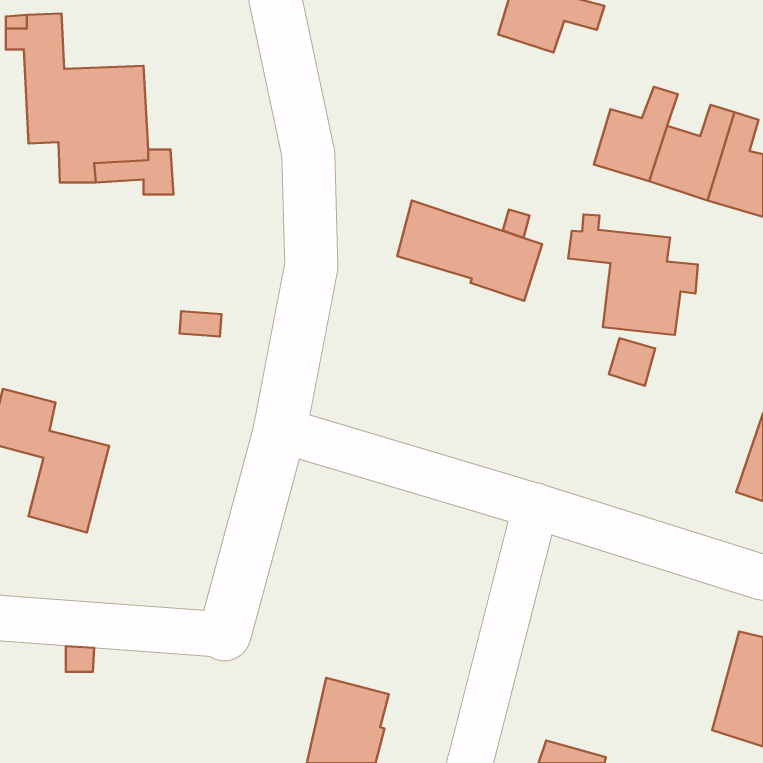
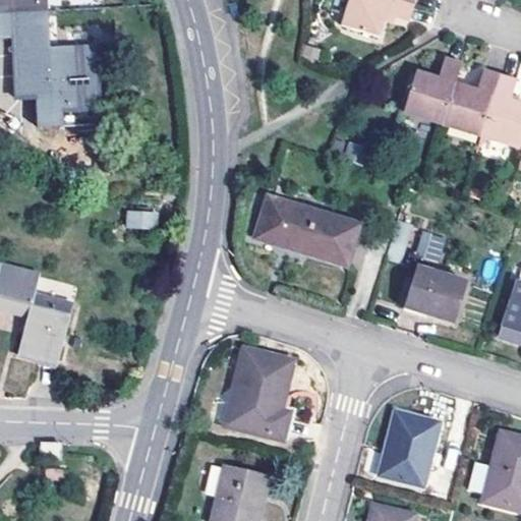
building: [397,201,542,301] -> [258,195,357,264]
building: [568,214,698,335] -> none
building: none -> [406,265,467,320]
building: none -> [226,347,293,435]
building: none -> [379,410,438,483]

